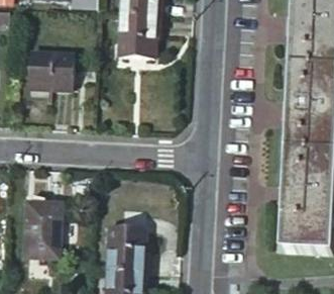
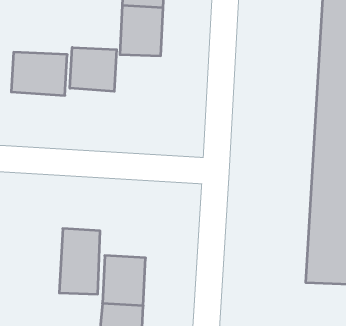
building: none -> [70,47,117,91]
building: [20,199,55,256] -> [59,229,100,294]

